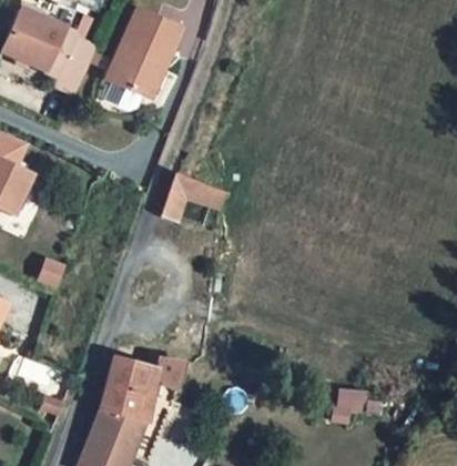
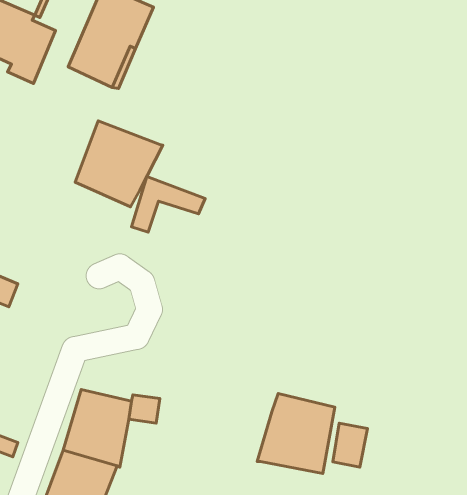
building: none -> [75,121,163,207]
building: none -> [257,394,335,473]

